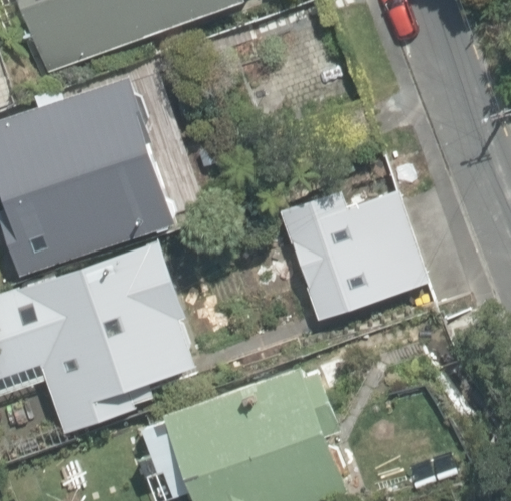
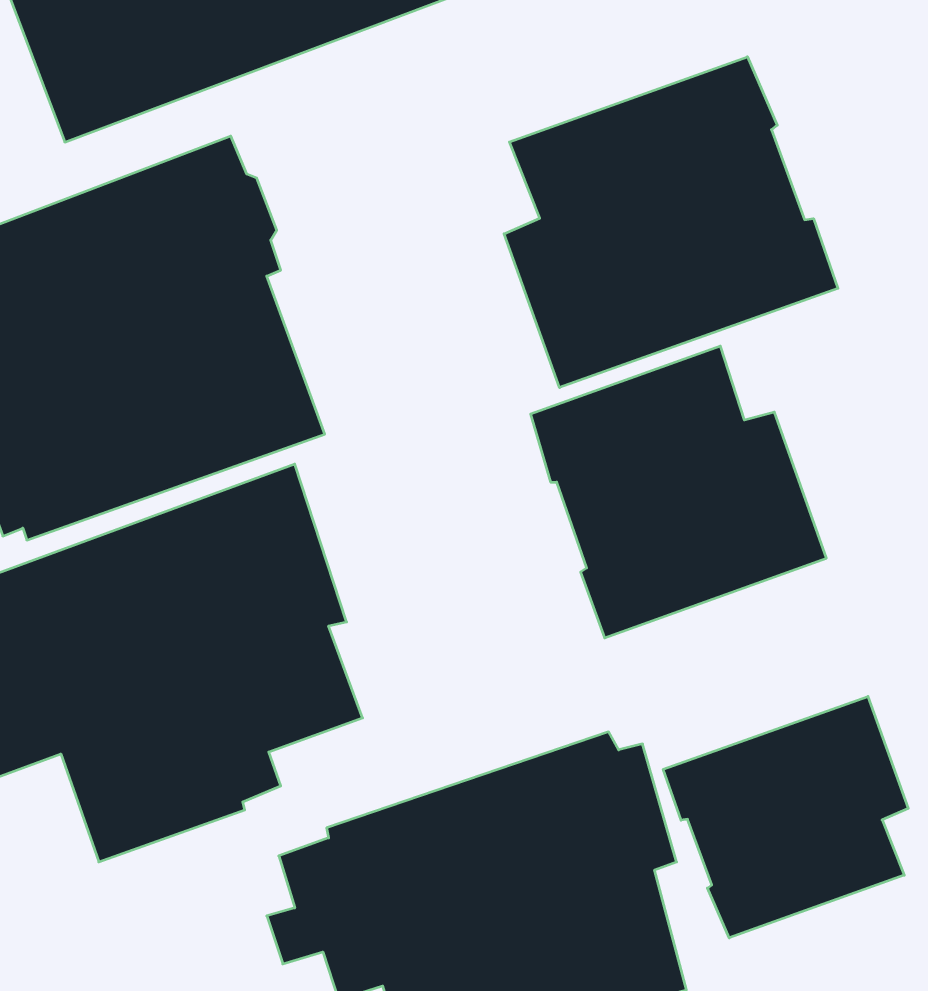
building: none -> [504,57,838,388]
building: none -> [663,696,908,938]

